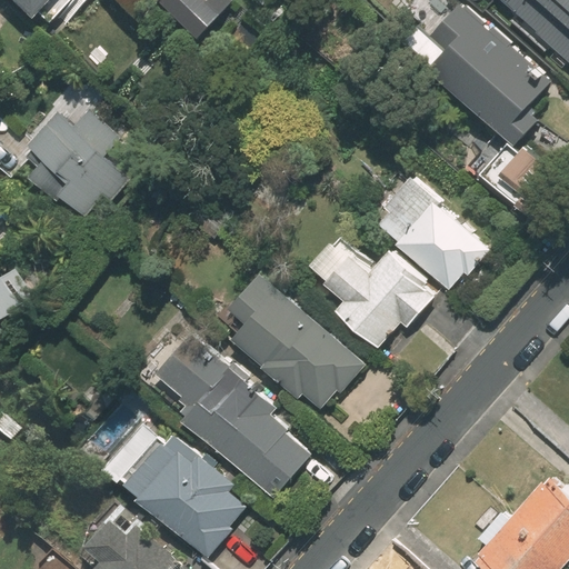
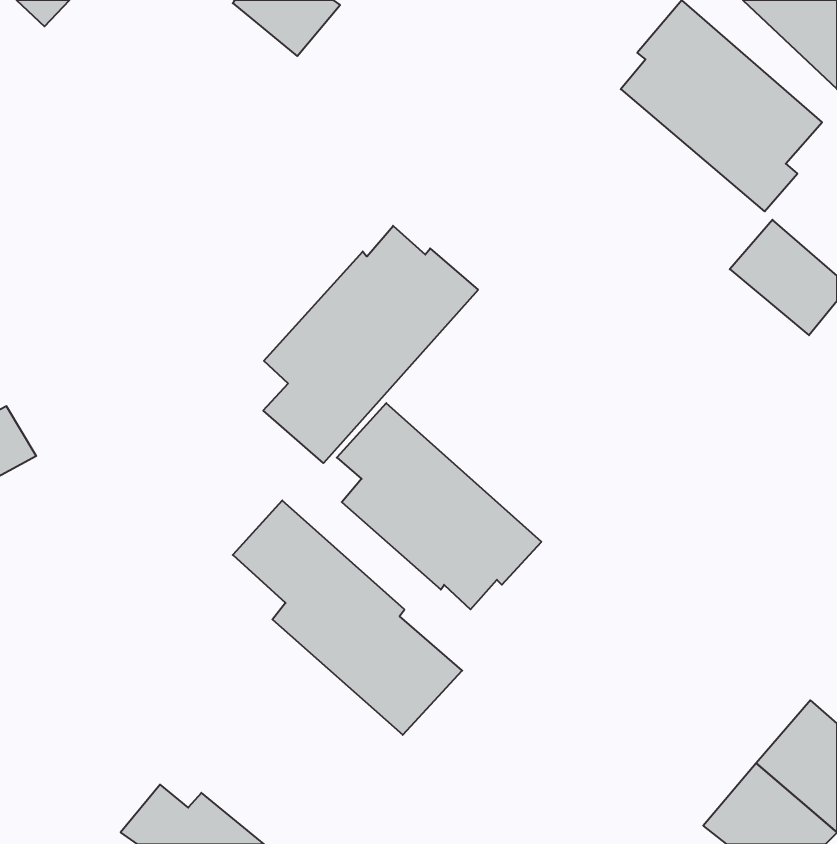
building: [20,107,129,219] -> none
building: none -> [263,226,478,463]
building: [377,172,489,289] -> none
building: [323,249,432,348] -> none
building: [122,433,250,557] -> none

